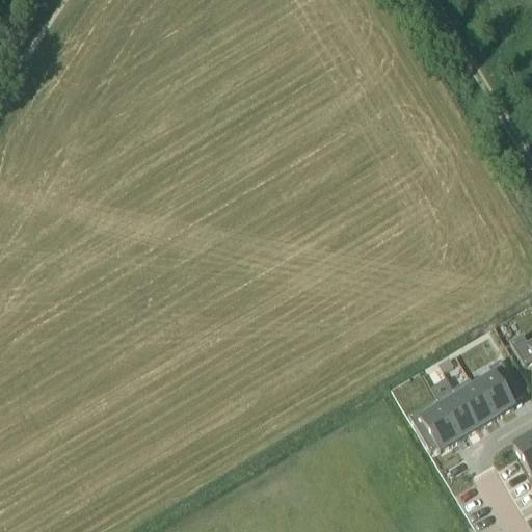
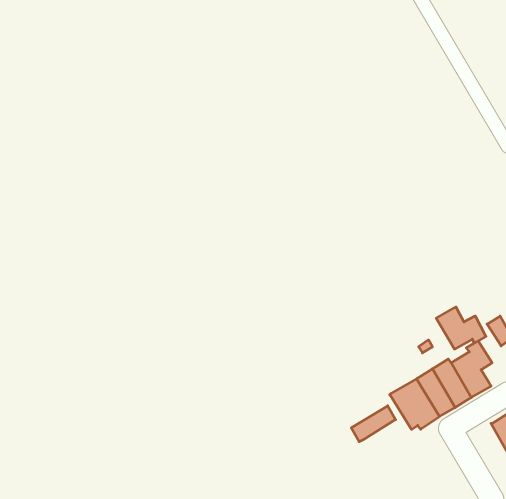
building: none -> [436,307,486,349]
building: none -> [351,406,396,442]

